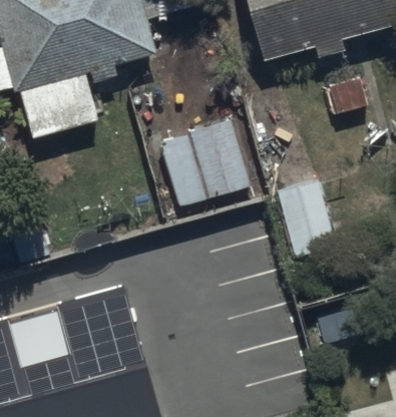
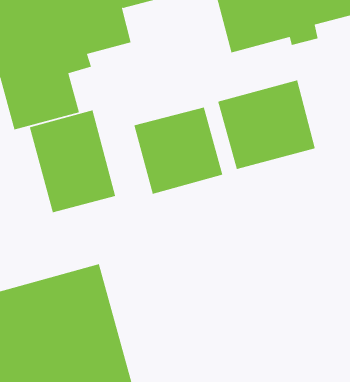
building: none -> [218,80,316,170]
building: none -> [29,110,116,213]

